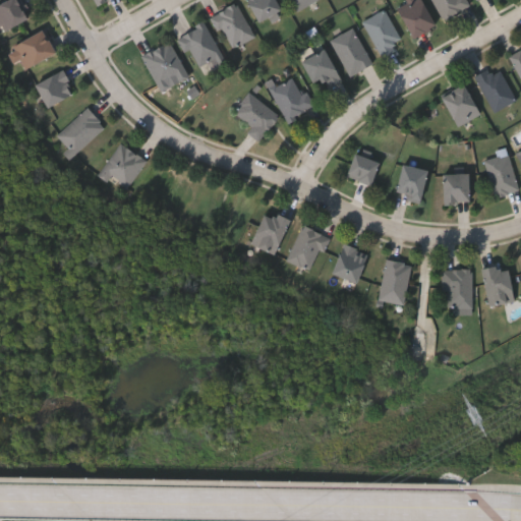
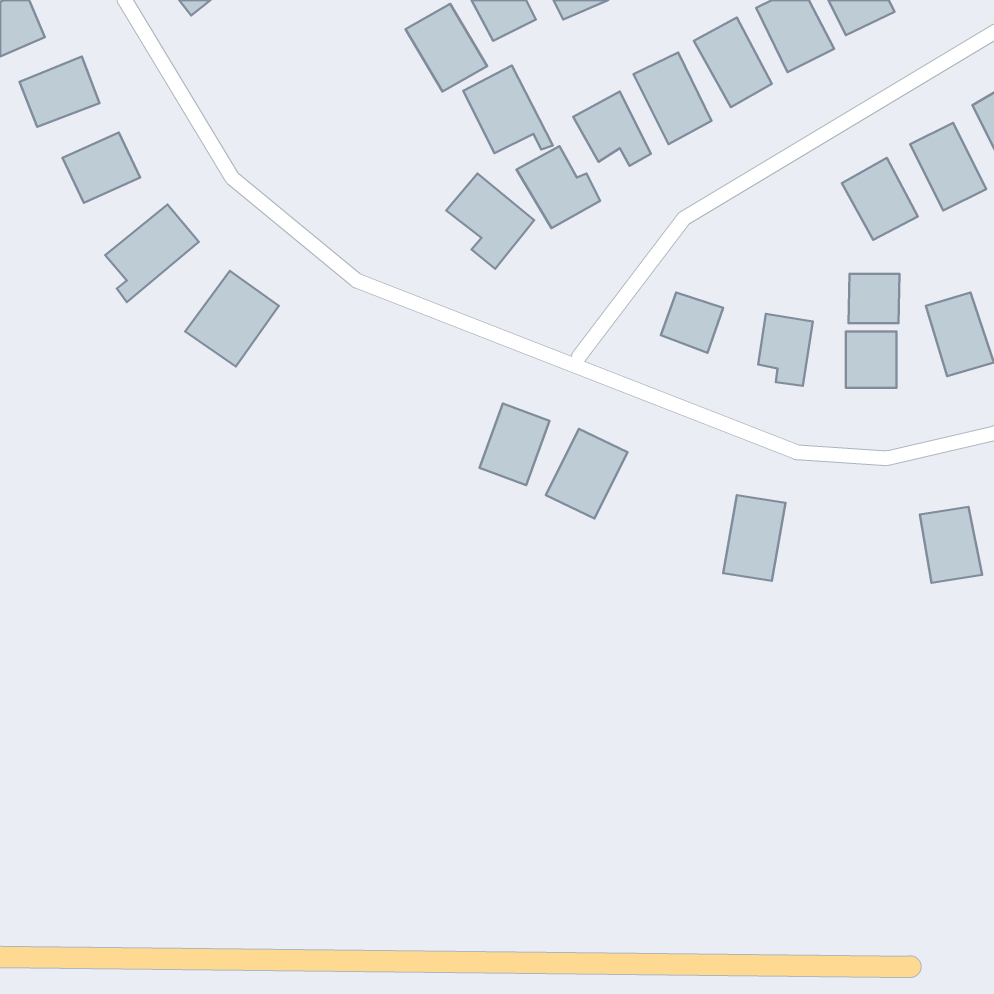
building: [180,22,227,68] -> [463,66,553,153]
building: [143,41,188,91] -> none
building: none -> [849,274,900,323]
building: [330,243,368,284] -> none
building: [443,269,472,313] -> none

